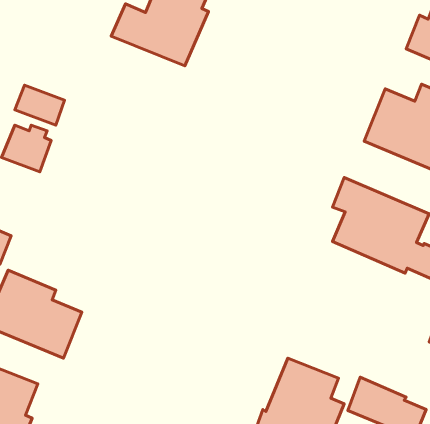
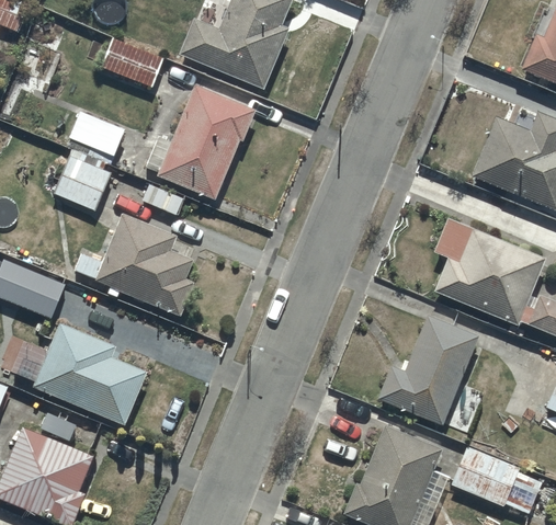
building: none -> [100,36,164,89]
building: none -> [147,84,256,198]
building: none -> [76,213,196,316]
building: none -> [377,315,478,424]

